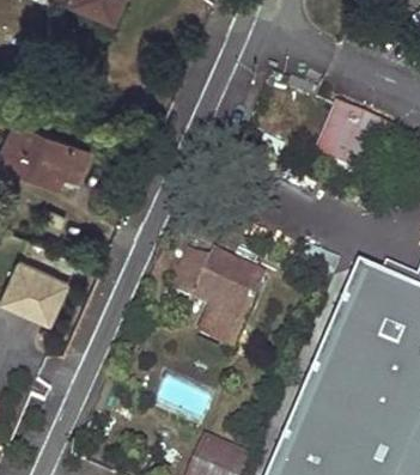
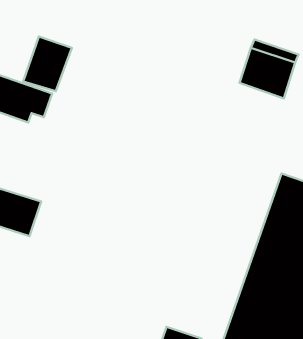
building: none -> [23,36,72,91]
building: [171,252,262,345] -> none

